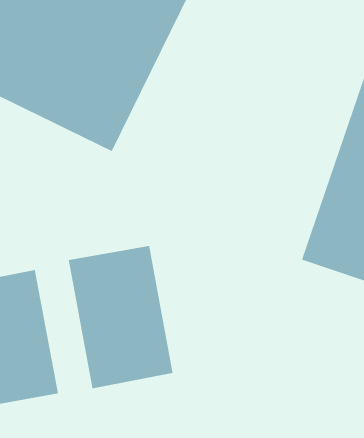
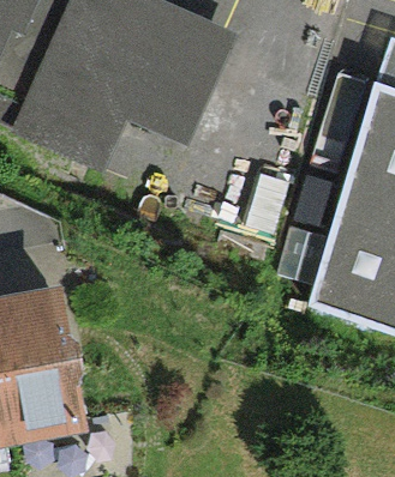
building: [68,245,173,389] -> none

